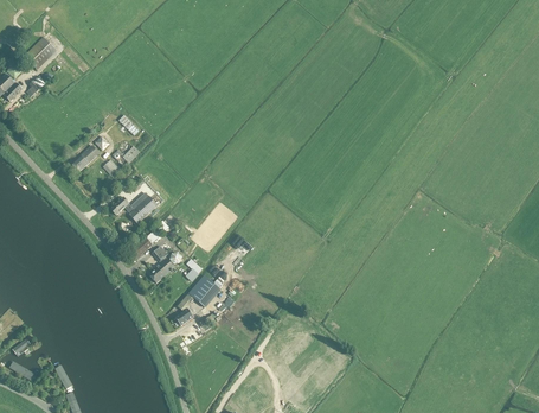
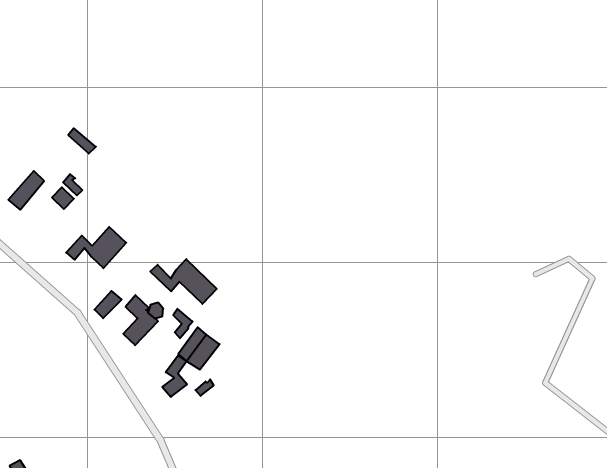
building: none -> [150,259,217,304]

